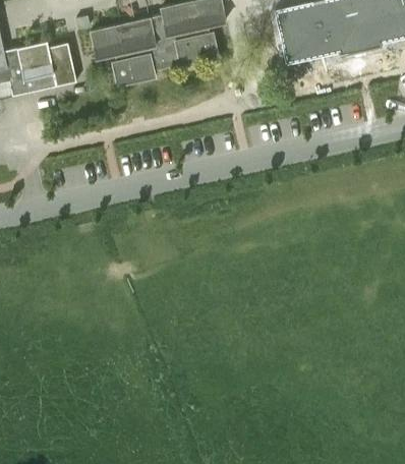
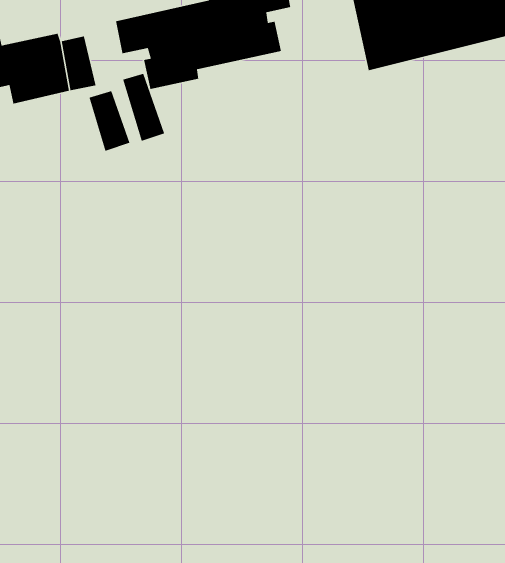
building: none -> [122,73,165,142]
building: none -> [88,90,130,152]

